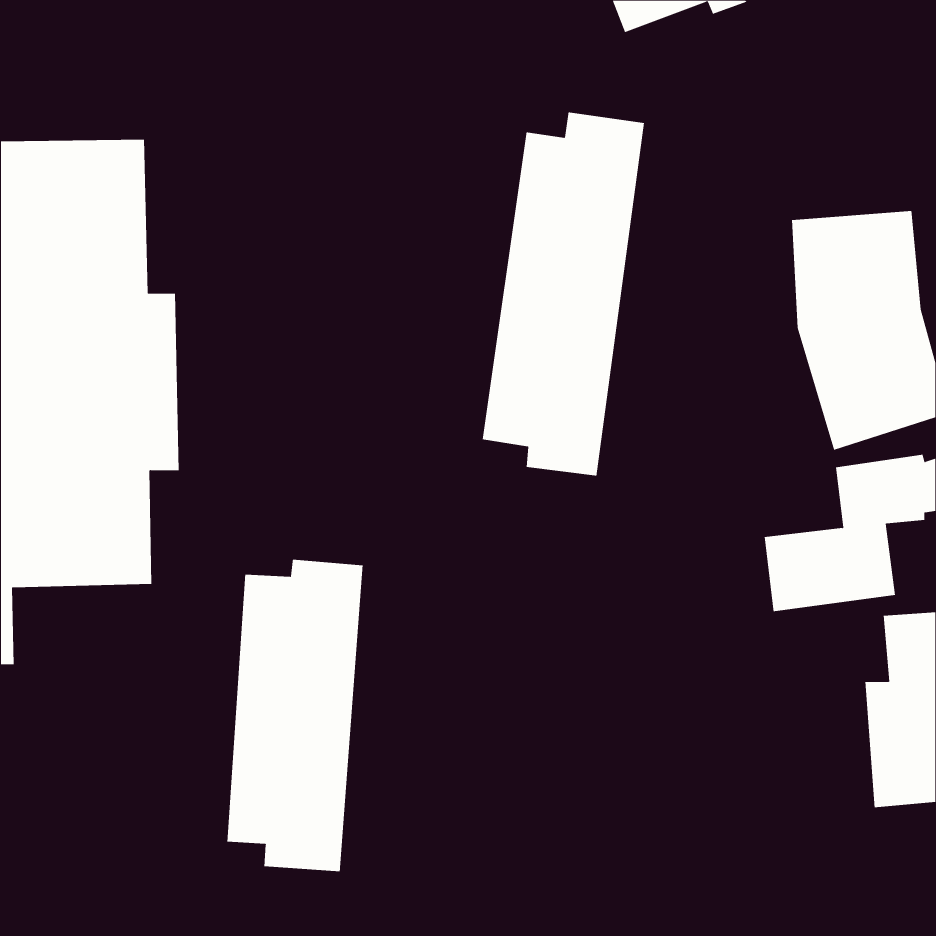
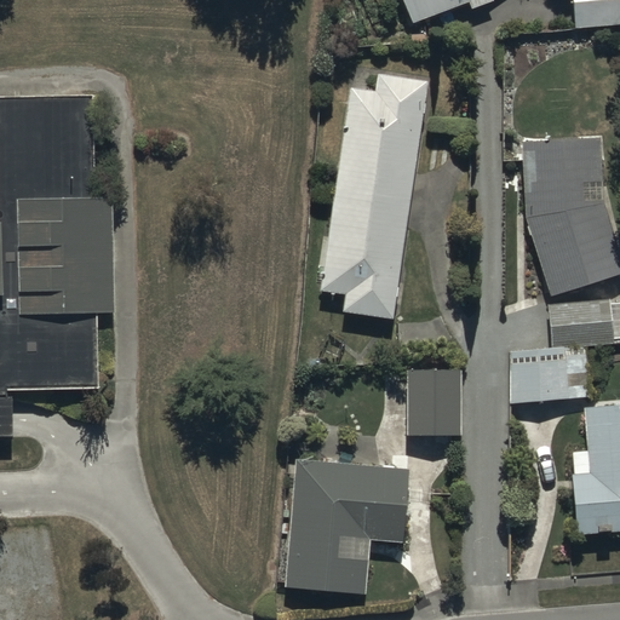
building: none -> [408,369,460,436]
building: [227,559,363,872] -> none
building: none -> [285,460,408,596]

